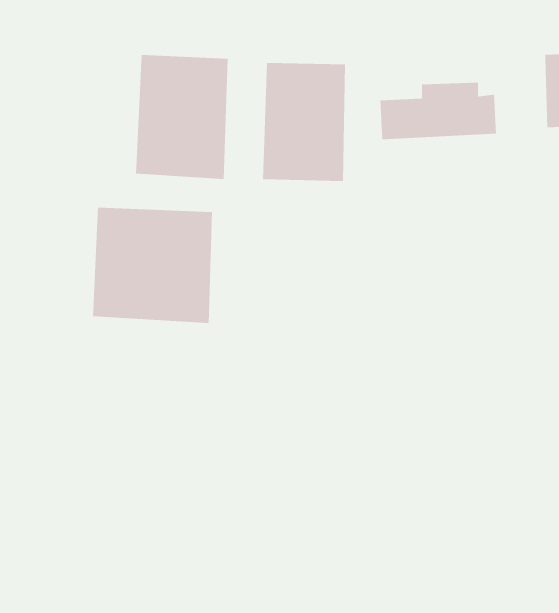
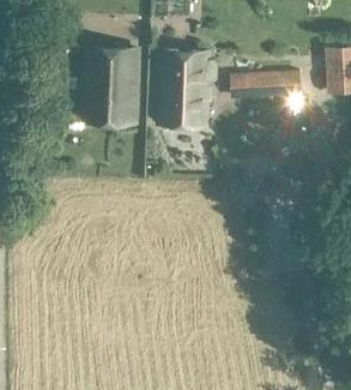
building: [93,207,212,324] -> none

